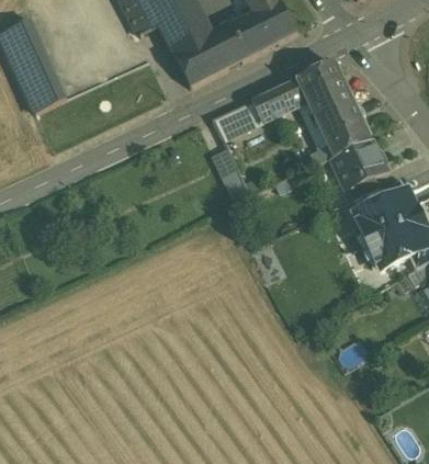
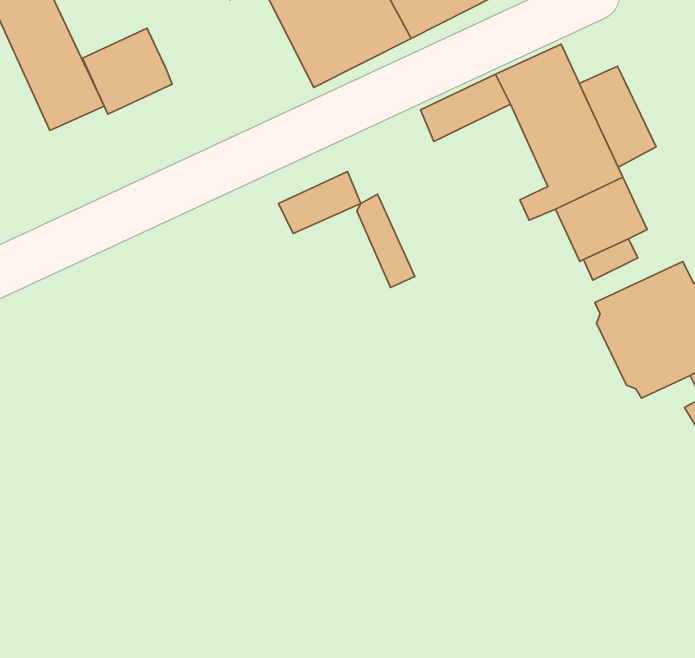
building: none -> [83,28,172,114]
building: none -> [579,66,656,167]
building: [211,98,259,134] -> [278,172,361,233]

